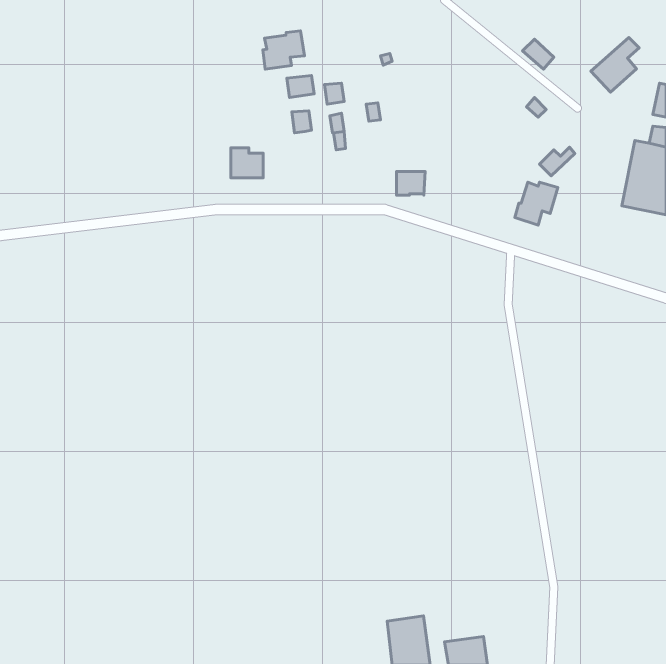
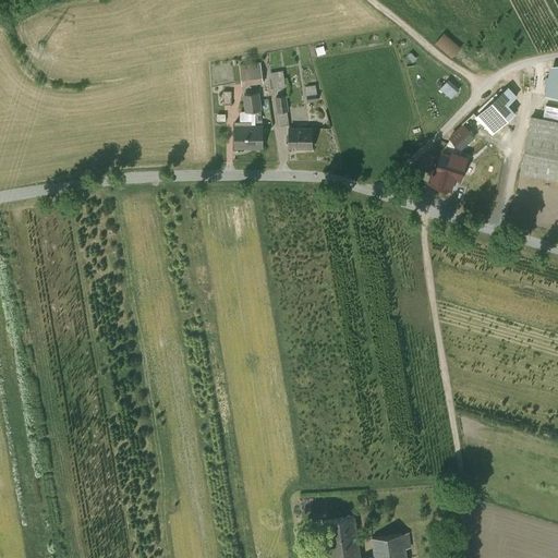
building: [263,31,305,69] -> none
building: [591,37,639,92] -> [476,88,517,134]
building: [231,148,263,178] -> [235,122,263,147]
building: [396,172,425,195] -> [289,129,313,148]

